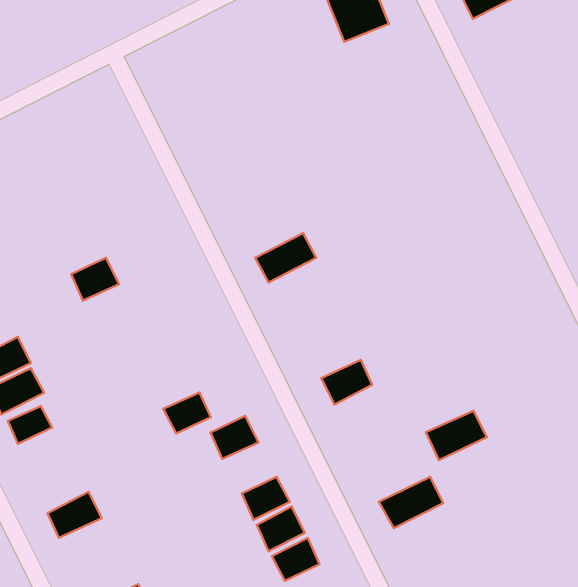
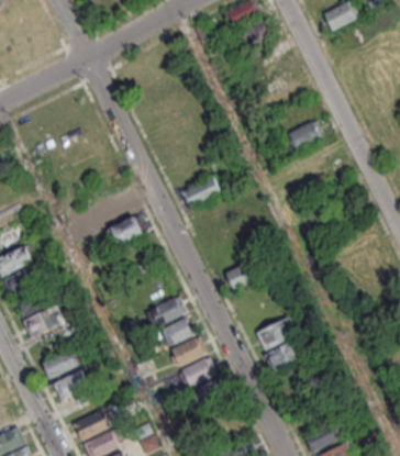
building: none -> [282,119,324,152]
building: [71,258,119,301] -> [111,215,143,244]
building: [163,392,211,434] -> [162,319,193,346]
building: [426,411,487,460] -> [257,318,298,351]
building: none -> [22,308,59,337]
building: none -> [53,369,89,400]

